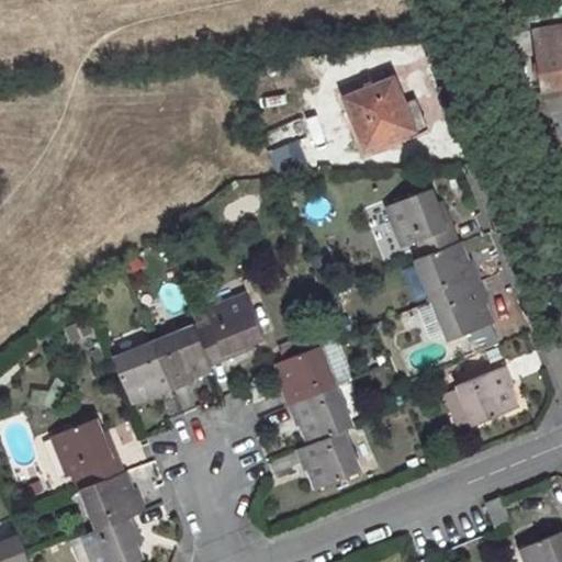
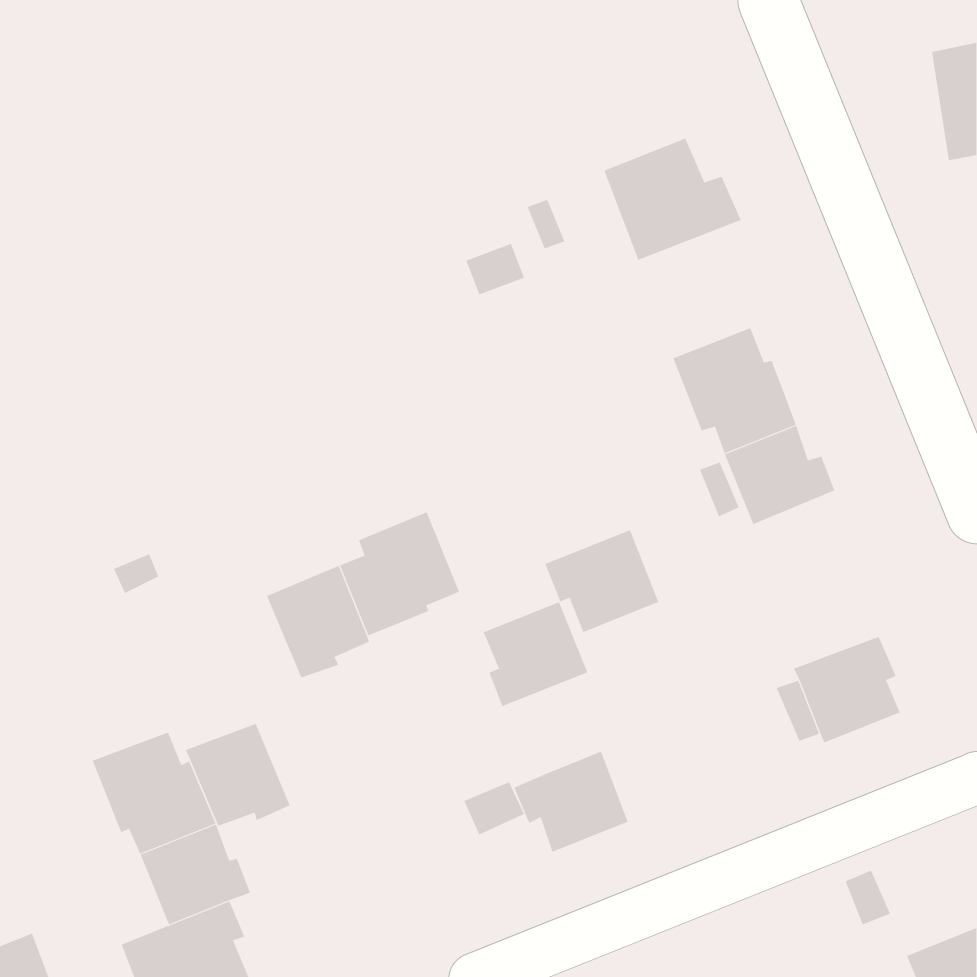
building: [431,282,488,341] -> none
building: [112,342,172,402] -> [185,723,291,827]
building: [288,386,353,446] -> [544,530,659,633]

